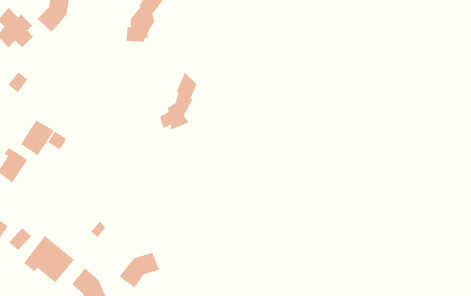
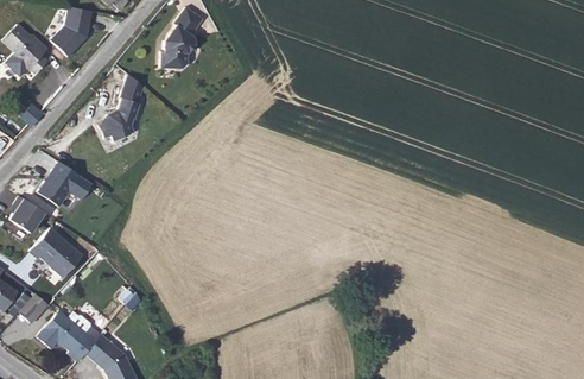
building: [159,72,197,130] -> [95,71,141,143]
building: none -> [25,226,83,283]
building: [119,252,160,288] -> none

